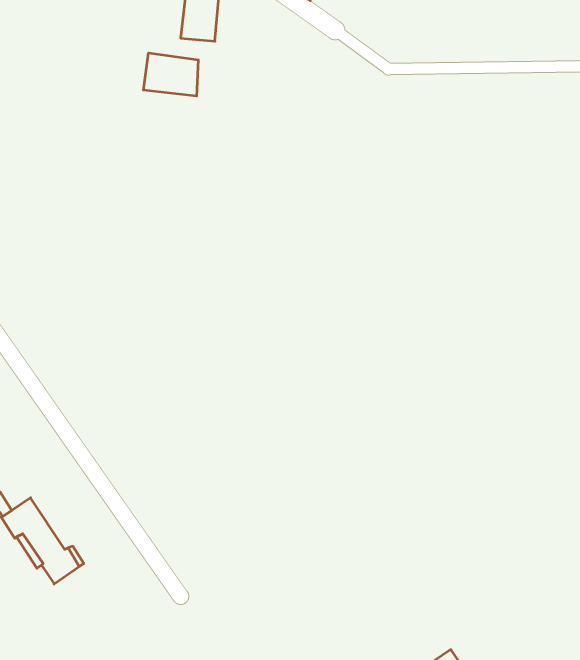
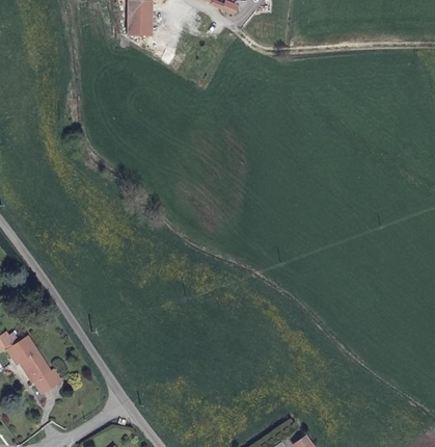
building: [143,53,198,96] -> none

